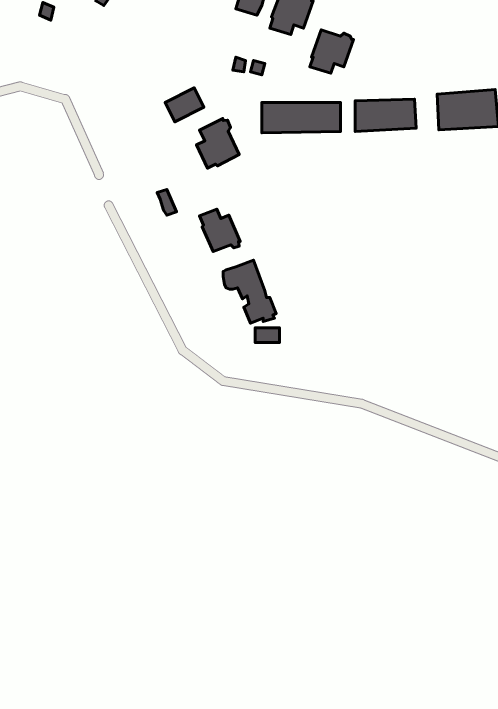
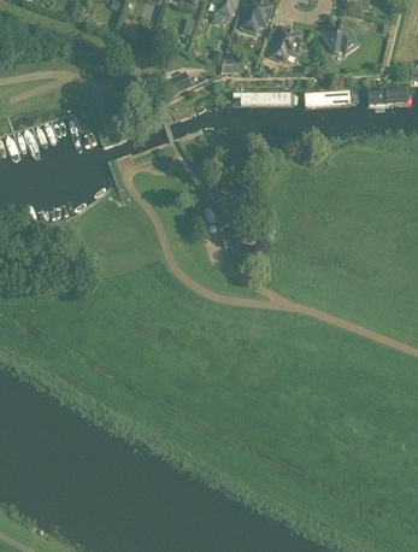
building: none -> [322,23,358,57]
building: [197,119,239,168] -> none
building: [199,209,240,251] -> none

